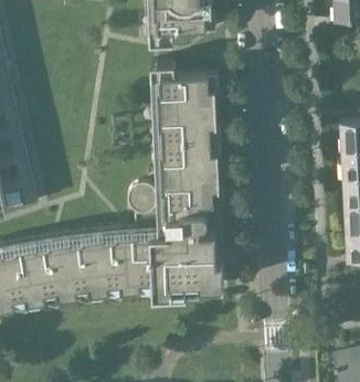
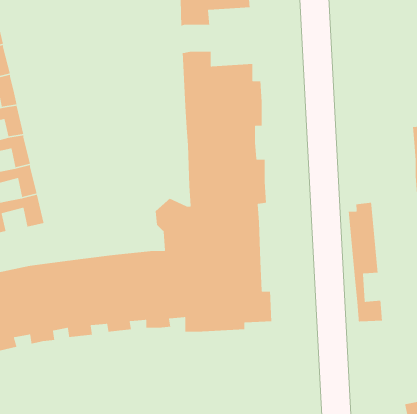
building: none -> [348,202,383,323]

